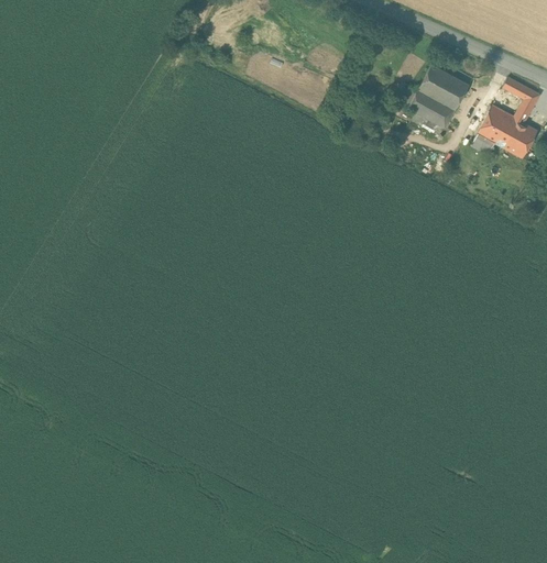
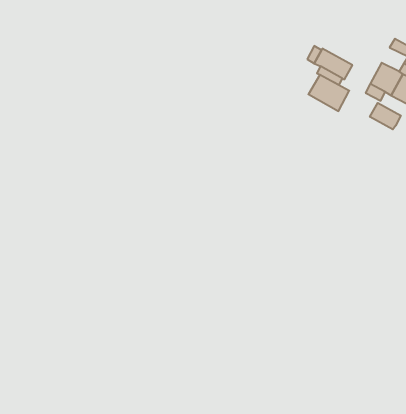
building: [418,65,469,110] -> [308,75,349,111]
building: none -> [370,103,401,129]

